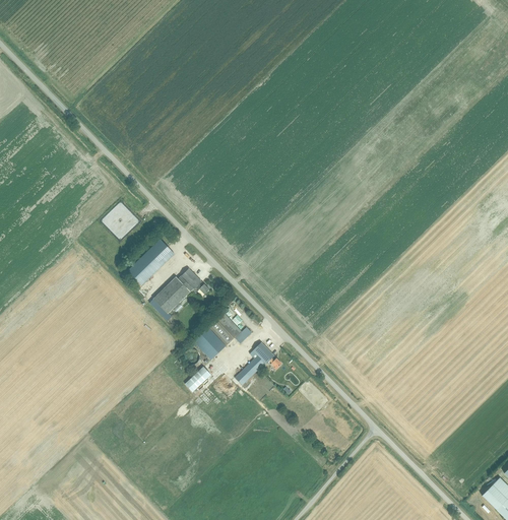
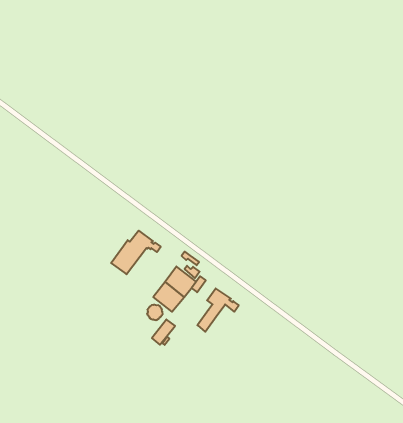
building: [101,204,138,238] -> none
building: [127,240,174,286] -> none

